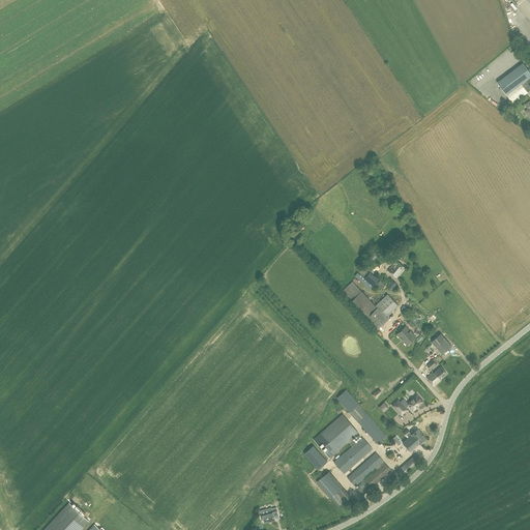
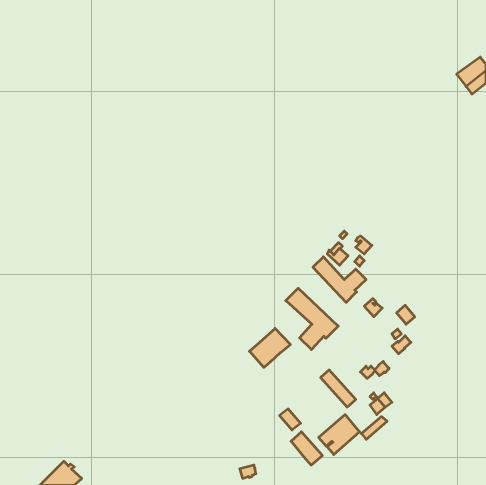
building: none -> [286,288,338,350]
building: [314,414,358,457] -> [249,328,290,367]
building: [333,436,373,473] -> none

